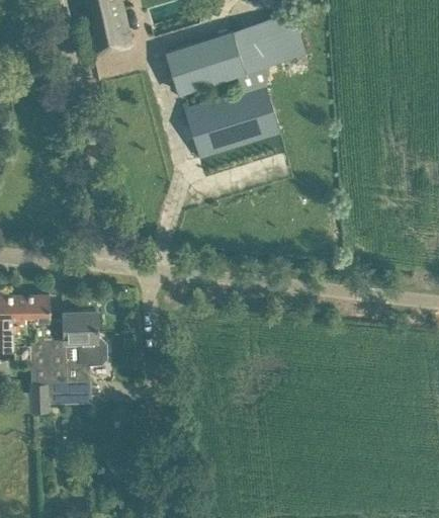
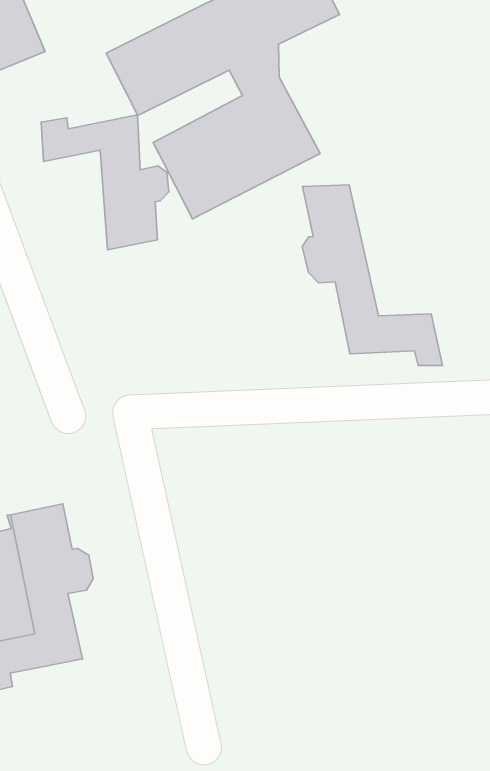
building: none -> [41,115,169,250]
building: none -> [302,185,442,366]

